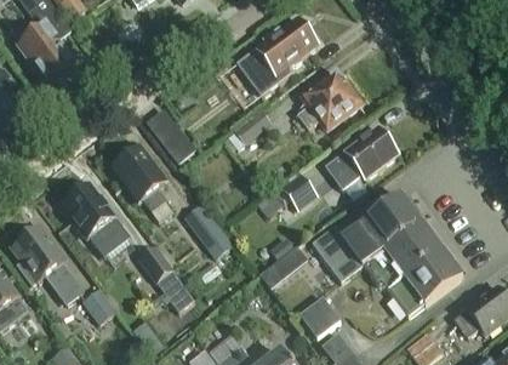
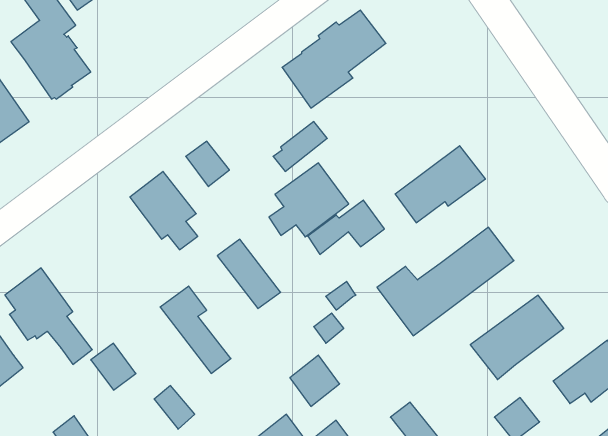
building: [298,70,363,130] -> [269,163,349,237]
building: [65,184,130,252] -> none
building: [364,219,441,287] -> none
building: [299,295,339,336] -> [290,355,340,406]

